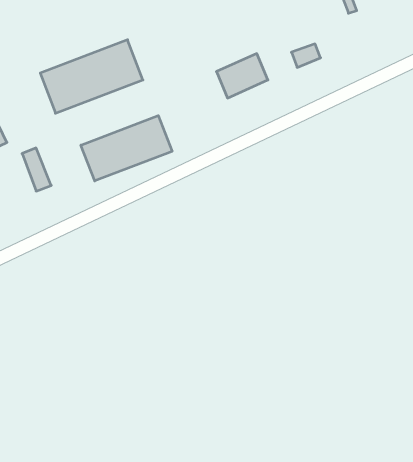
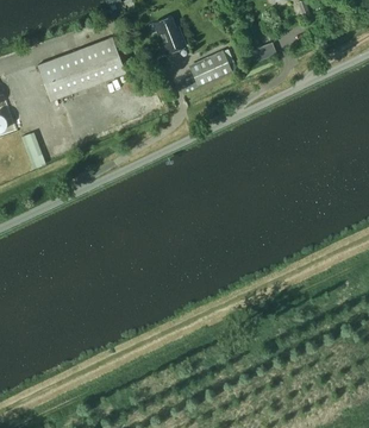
building: none -> [154,17,186,54]
building: [81,116,172,181] -> none

